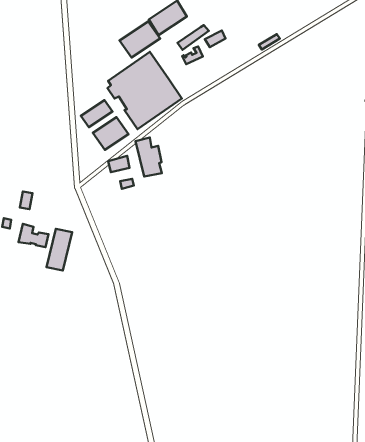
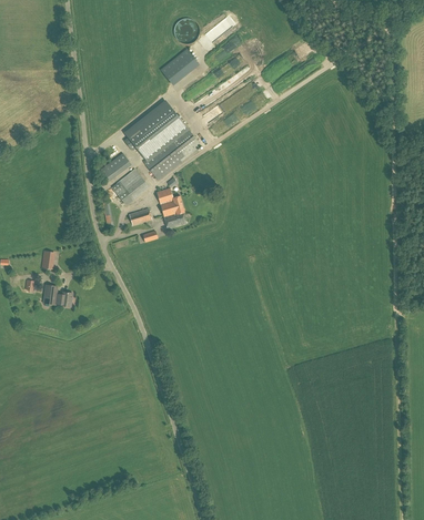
building: [120,21,160,57] -> none
building: [47,229,72,271] -> none

